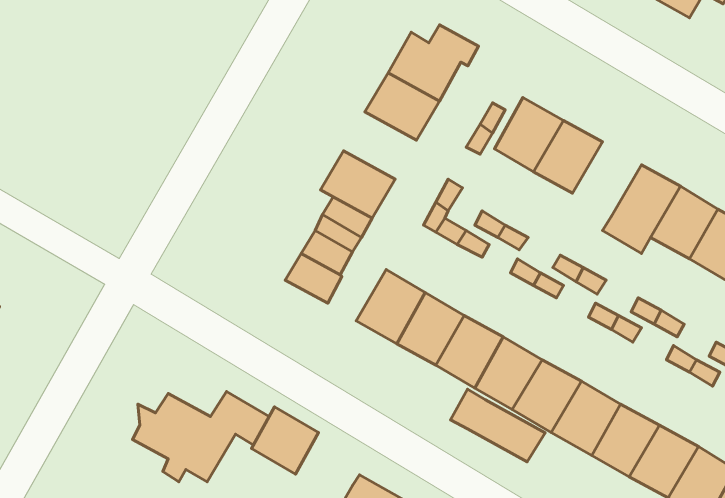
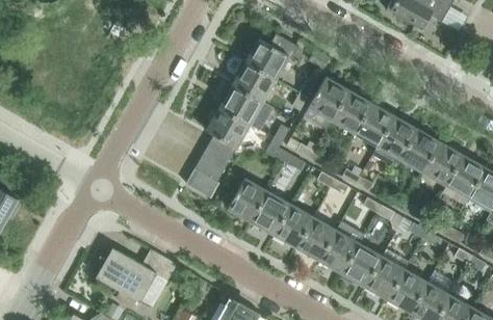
building: none -> [219,82,273,130]
building: none -> [354,103,394,146]
building: [451,389,545,462] -> none
building: [252,407,319,474] -> none

